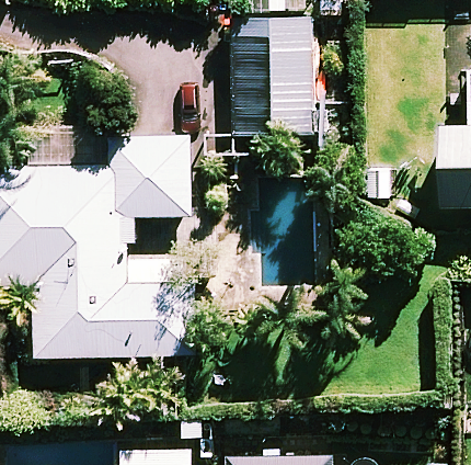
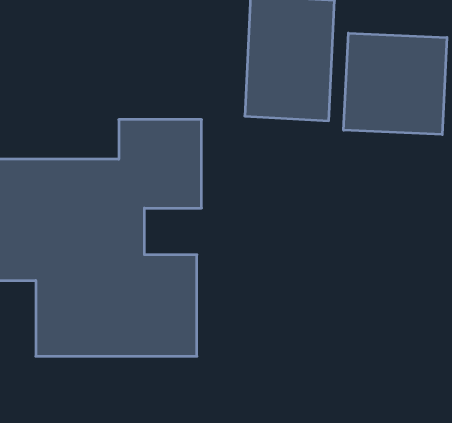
building: none -> [344,33,447,135]

